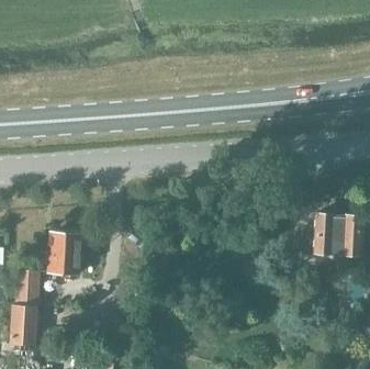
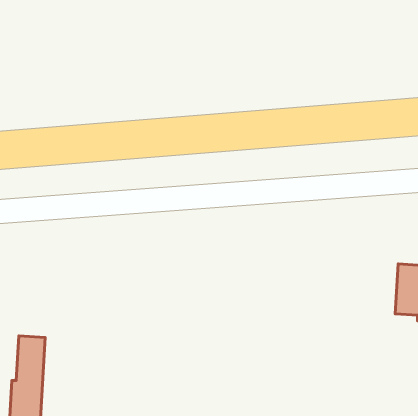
building: [48,232,80,276] -> none

